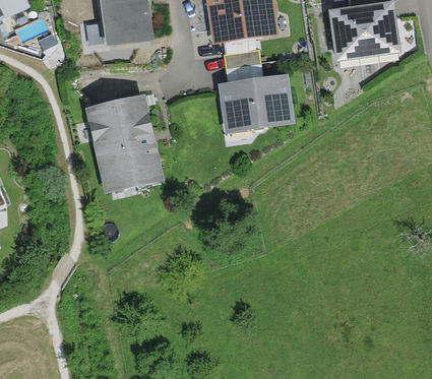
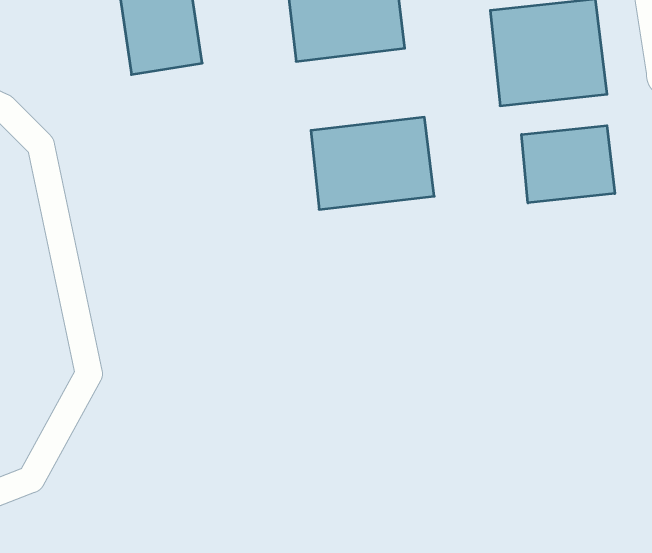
building: none -> [522,126,615,203]
building: [85,97,163,193] -> none

